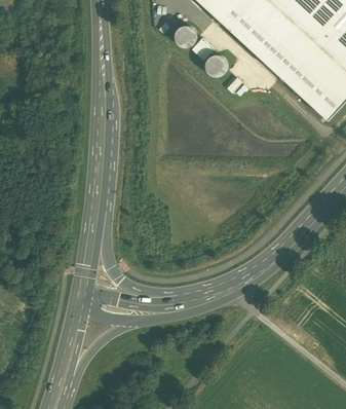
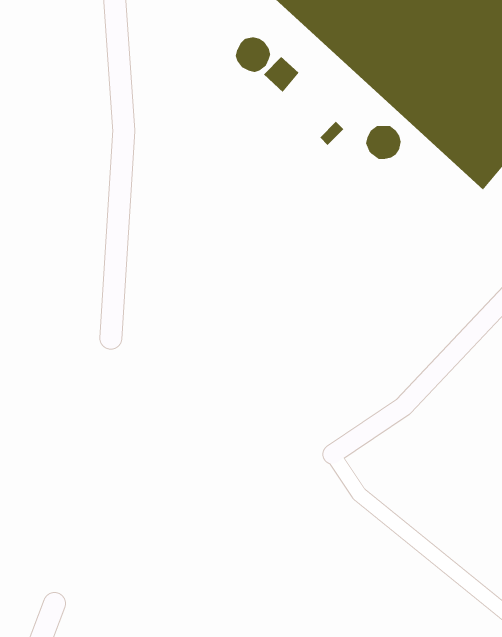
building: [204,54,227,76] -> [365,125,402,160]

